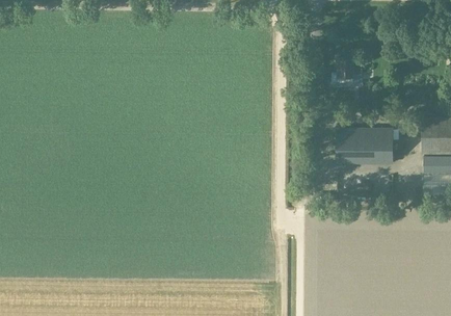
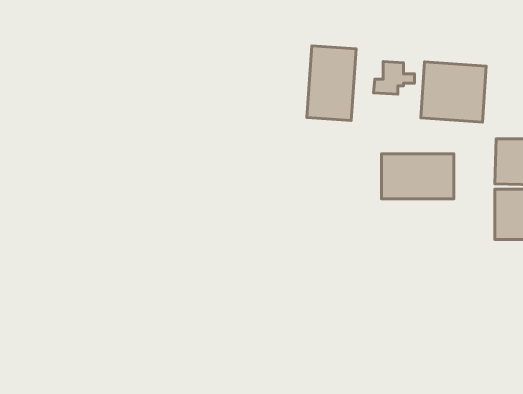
building: none -> [307,46,356,121]
building: none -> [421,62,486,122]

